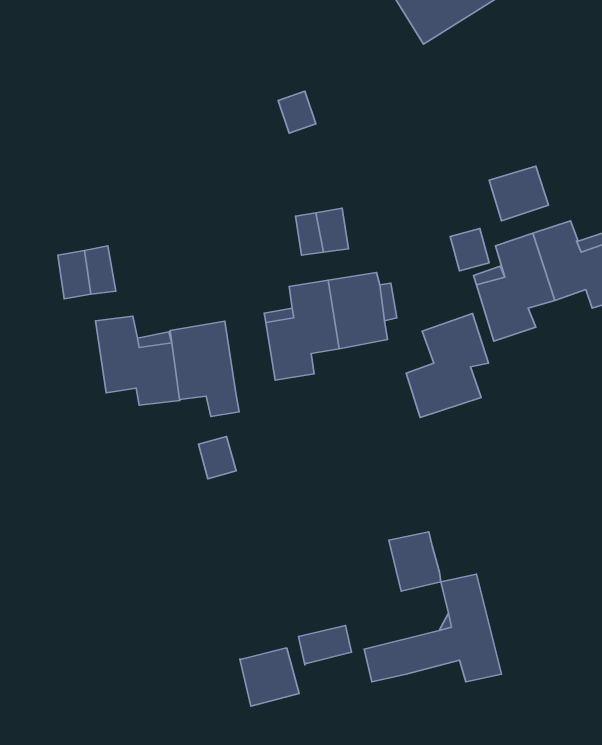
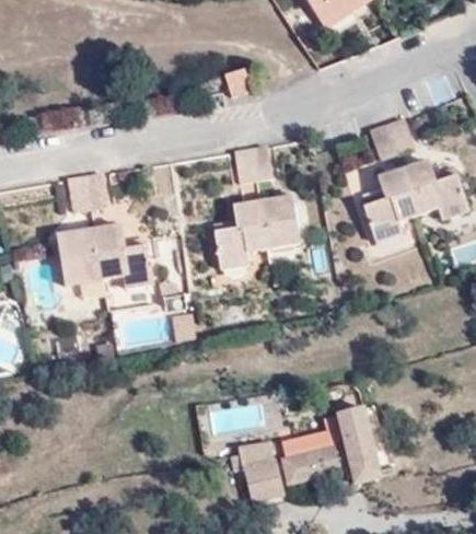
building: [406,313,488,417] -> none
building: [170,321,239,417] -> [56,228,104,294]
building: [389,532,441,591] -> none
building: [240,648,299,706] -> [242,460,283,500]

